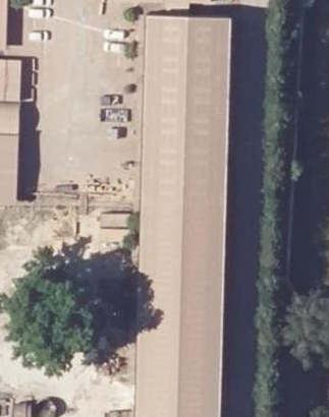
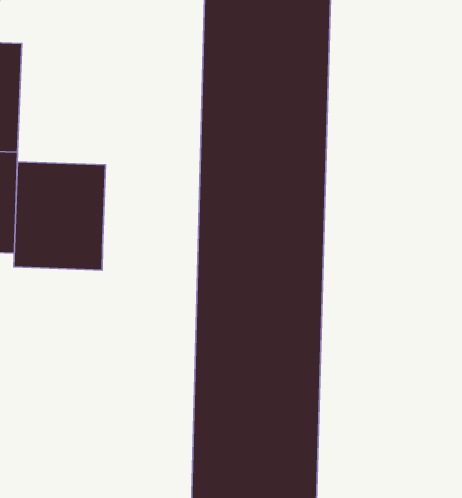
building: none -> [14,162,106,270]

